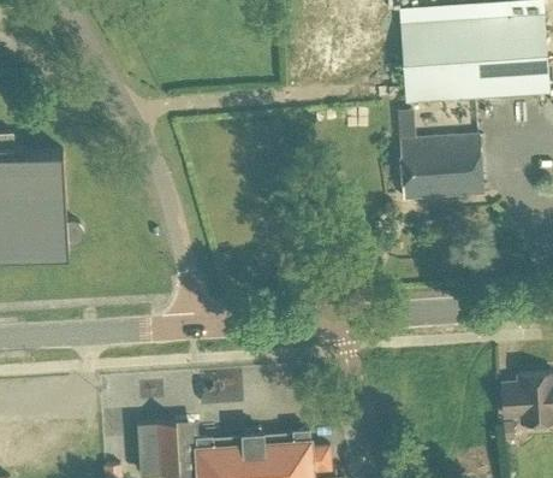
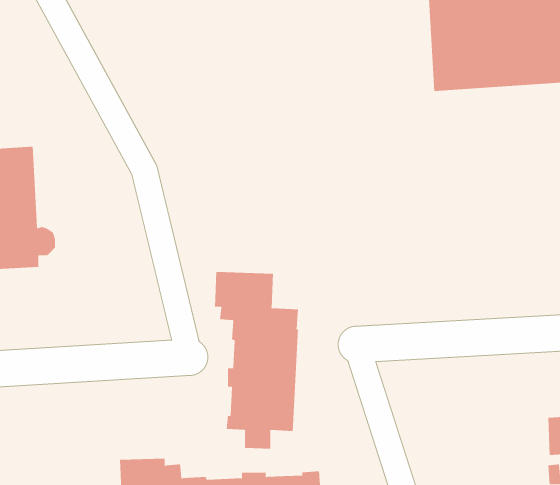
building: [403,137,482,200] -> none
building: none -> [214,271,298,450]

